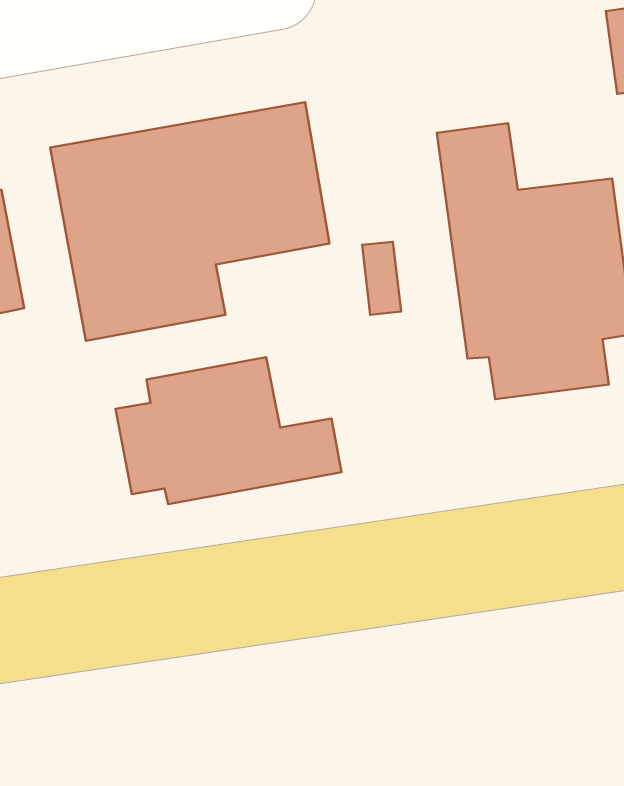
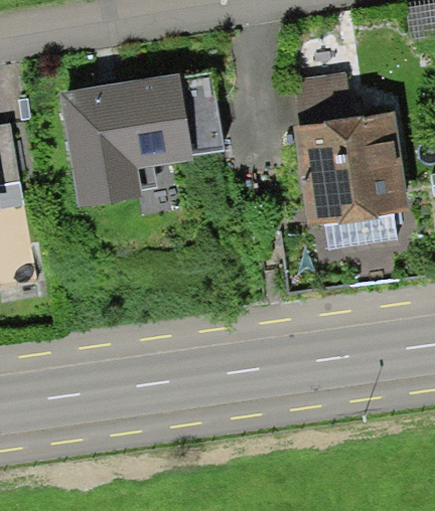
building: [115,357,341,504] -> none

